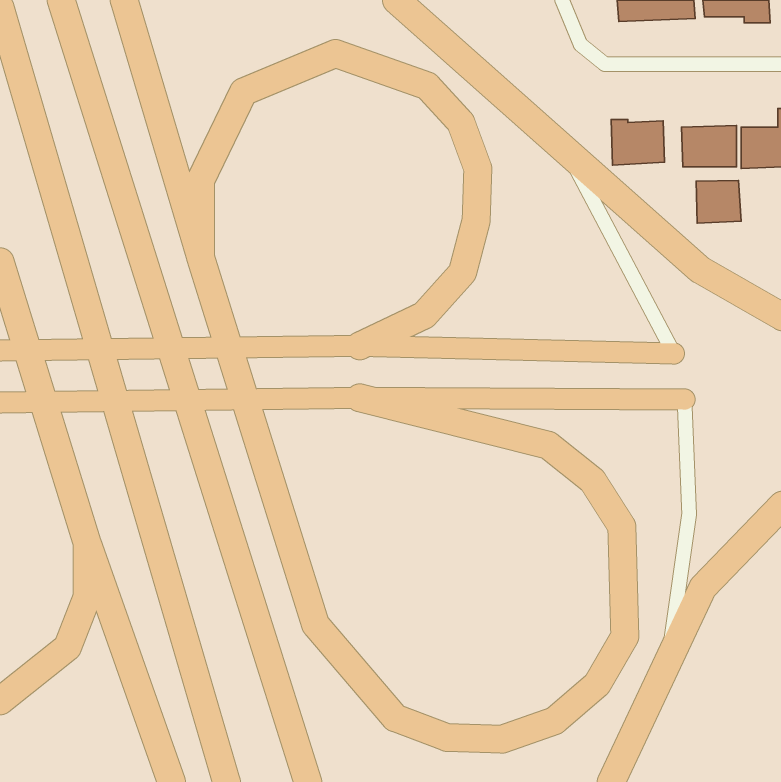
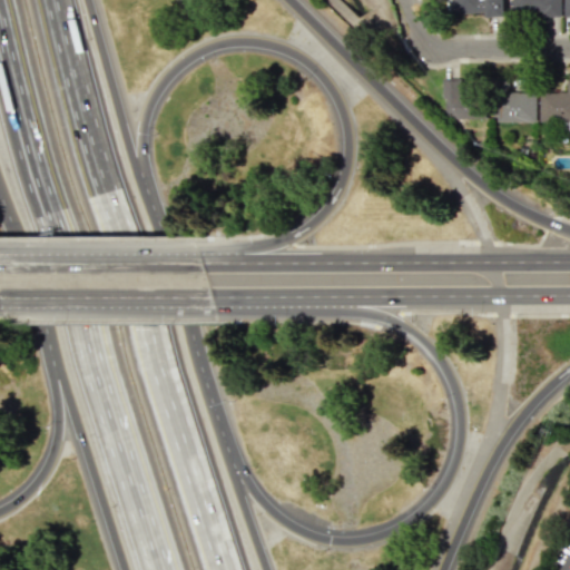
building: [696,180,741,223] -> none

